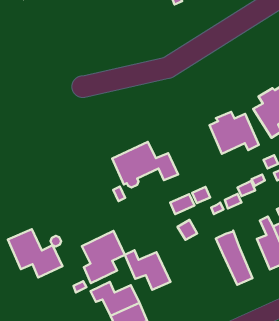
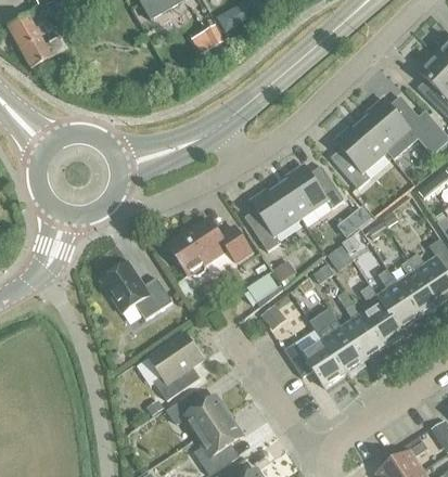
building: none -> [244,184,300,250]
building: none -> [337,289,382,362]
building: [8,229,62,277] -> [101,261,172,319]
building: [125,250,171,290] -> [284,339,345,386]

